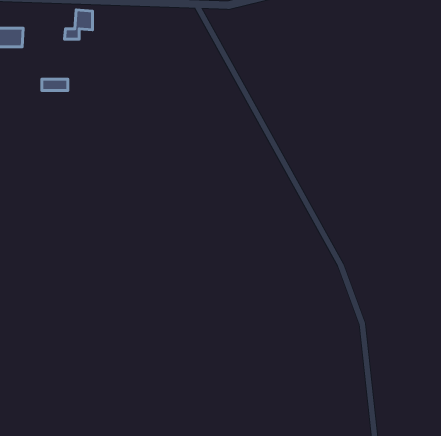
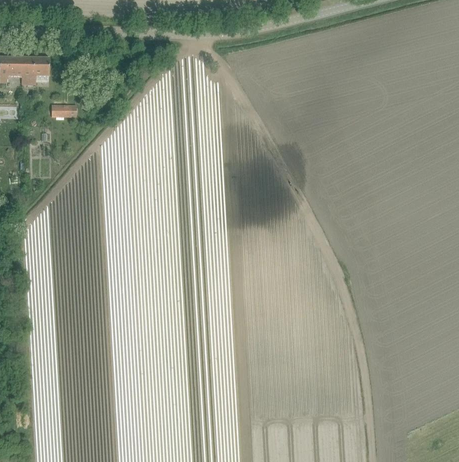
building: [65,10,93,39] -> [22,56,49,84]

